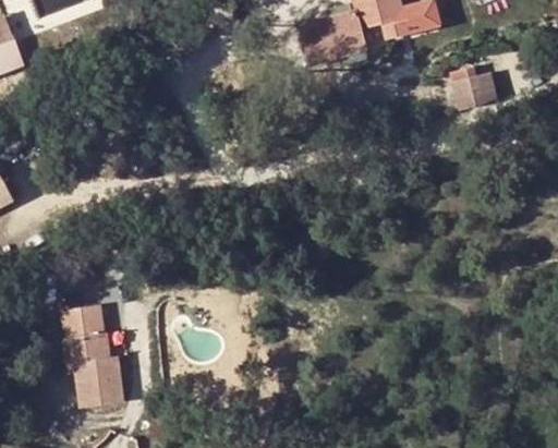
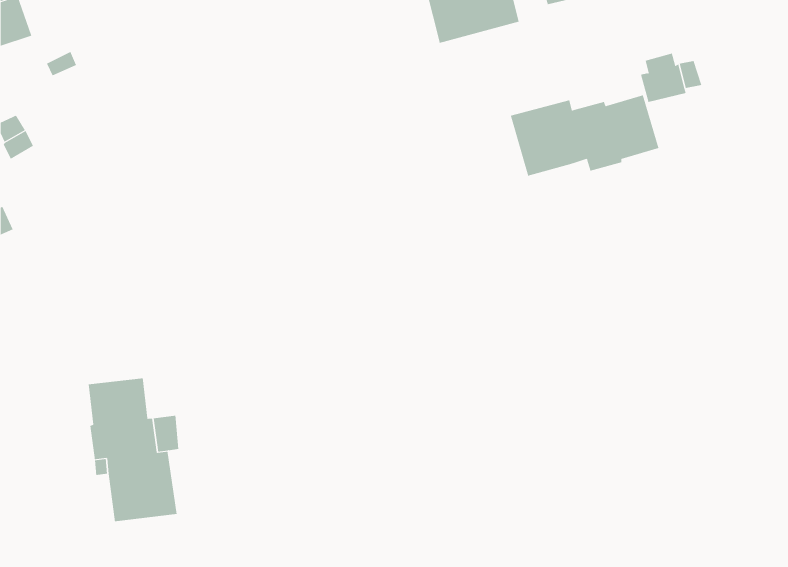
building: none -> [510,94,659,177]

